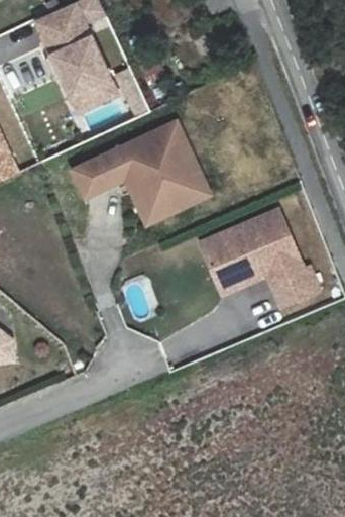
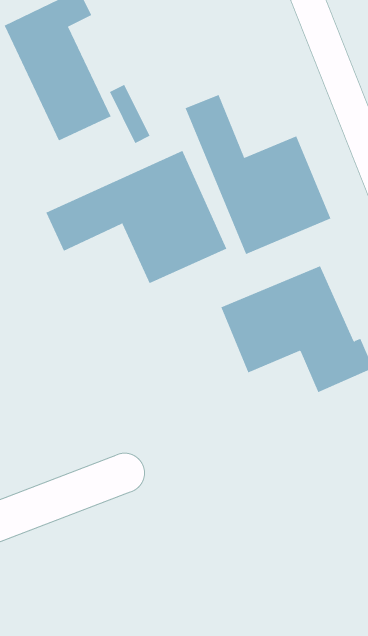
building: none -> [185,94,331,255]

